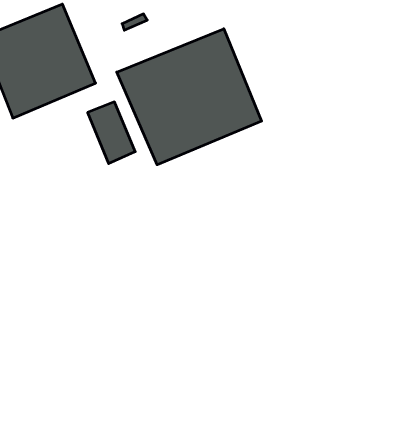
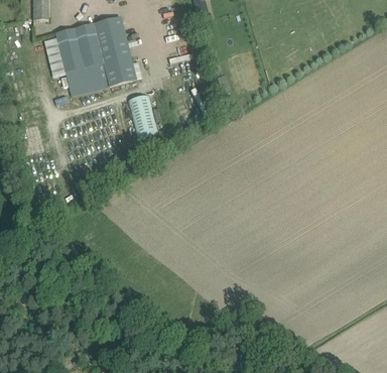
building: [117,29,262,165] -> none

